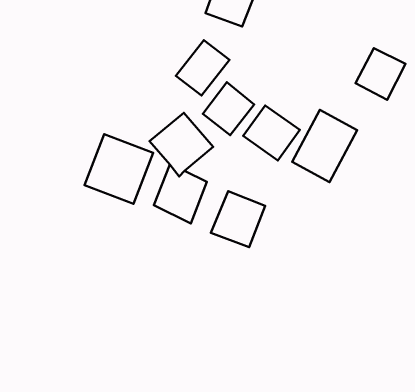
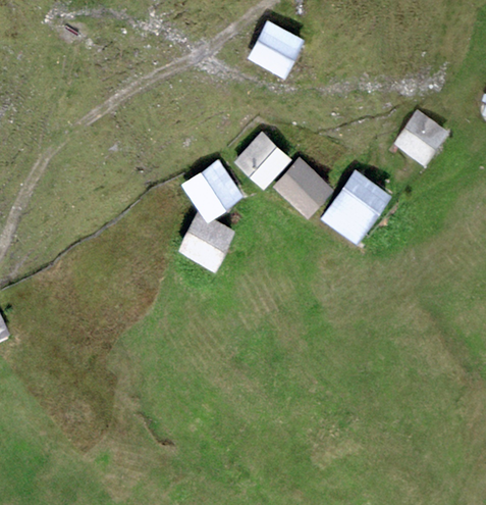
building: [176,40,229,95] -> none
building: [84,134,153,204] -> none
building: [211,191,265,247] -> none

